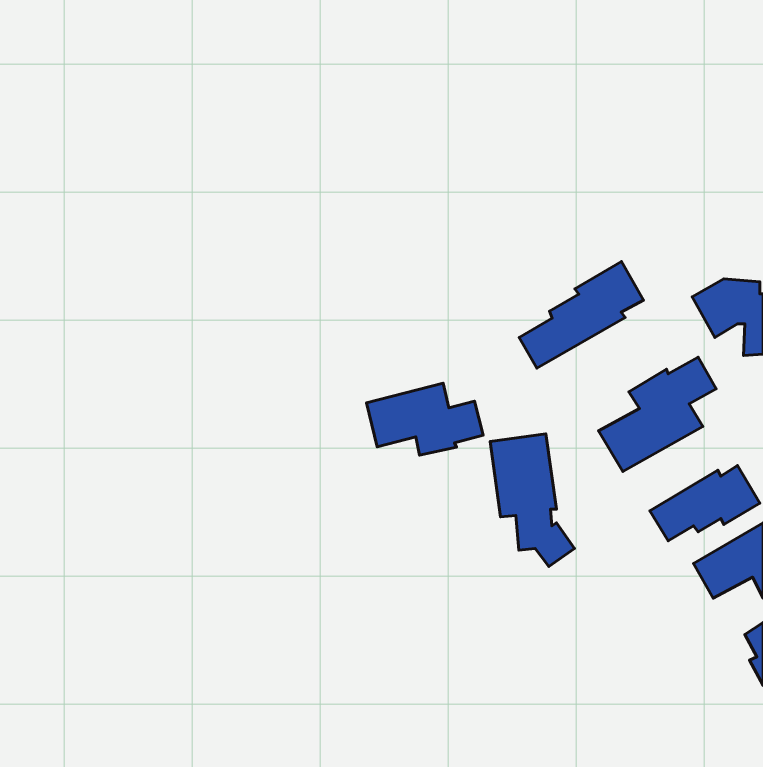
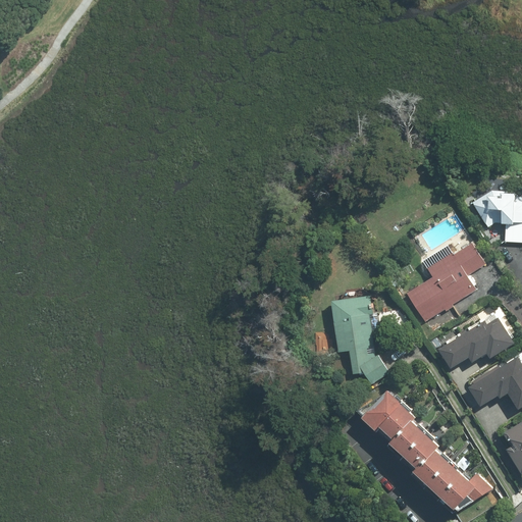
building: [519,262,644,368] -> none
building: [367,383,483,455] -> none
building: none -> [363,389,490,508]

